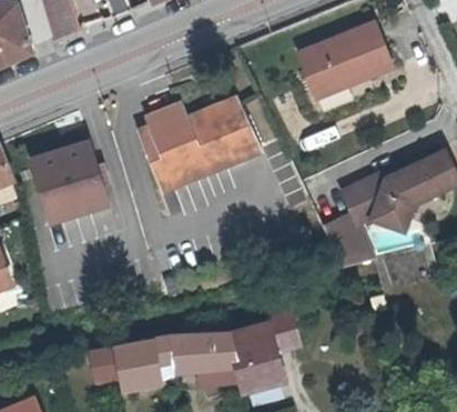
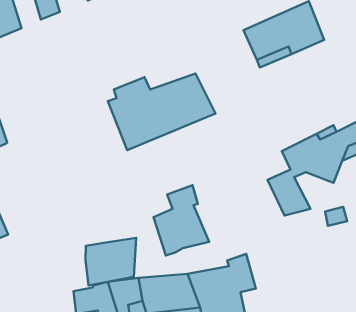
building: [32,142,118,232] -> none
building: none -> [153,185,209,256]
building: none -> [86,238,136,285]

